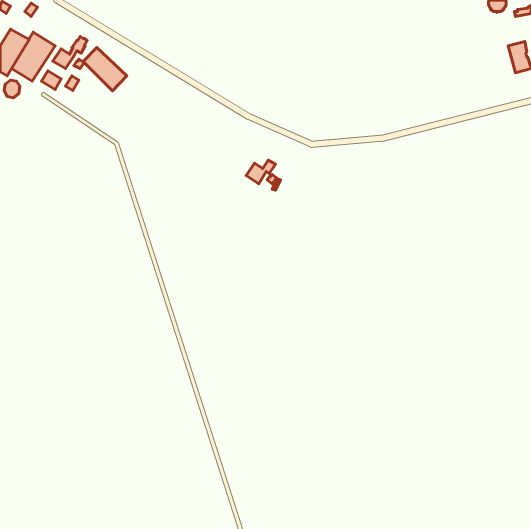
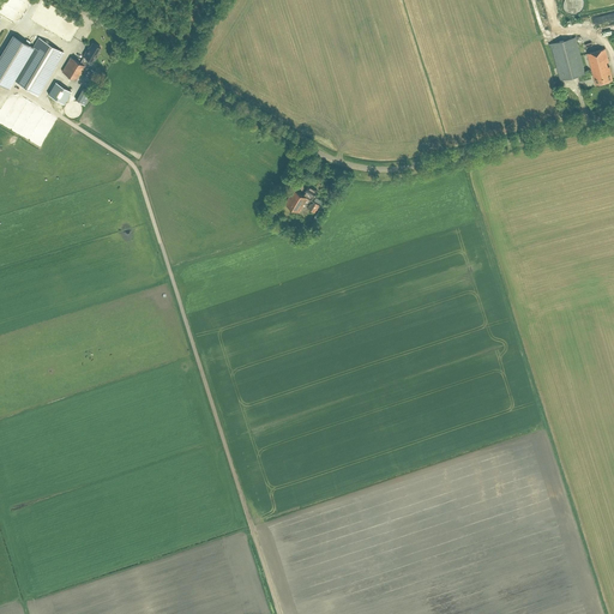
building: none -> [549,38,585,83]
building: [83,48,127,91] -> none

